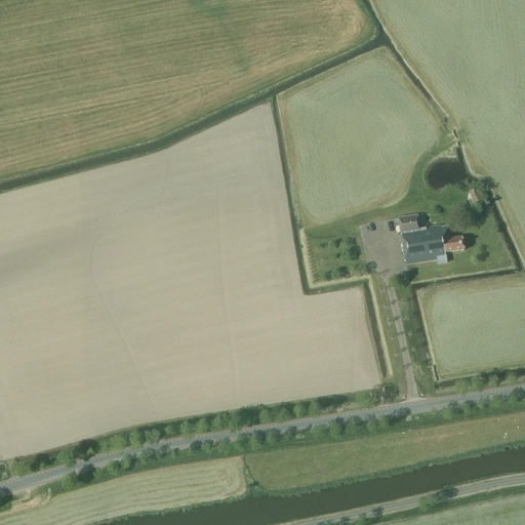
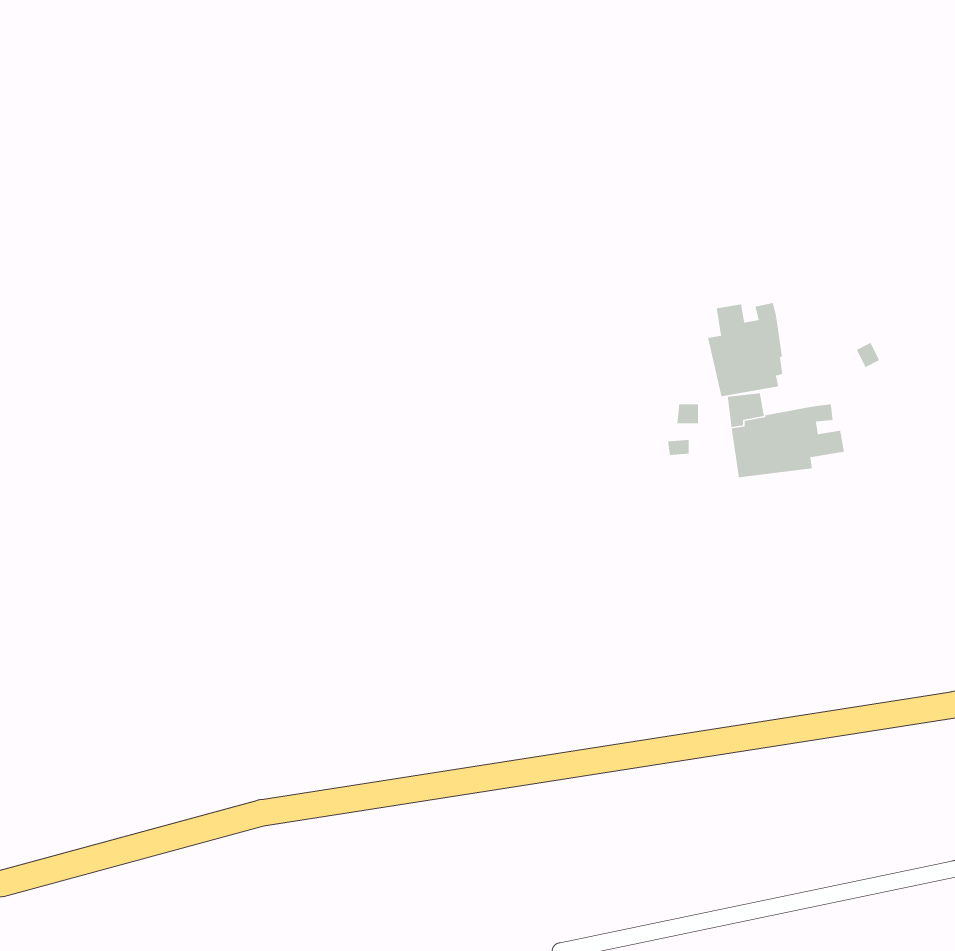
building: none -> [707,302,783,397]

